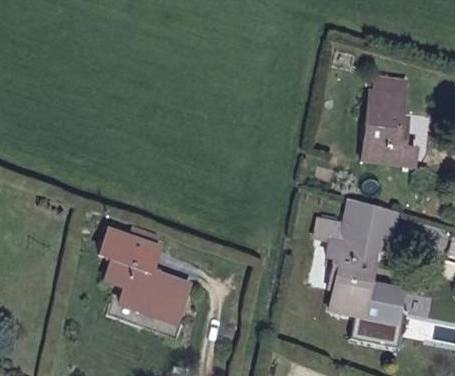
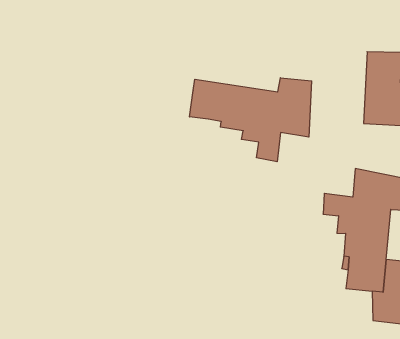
building: none -> [190,78,312,162]
building: [98,226,188,320] -> none

